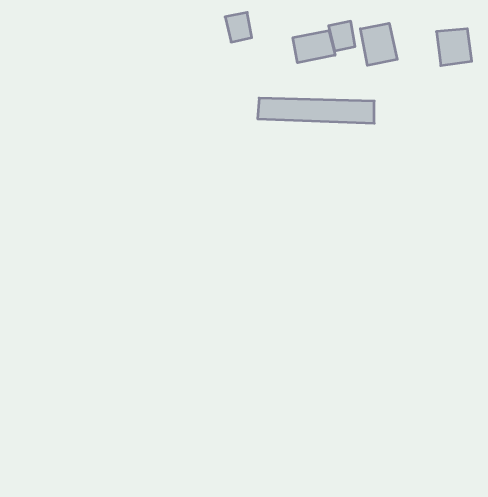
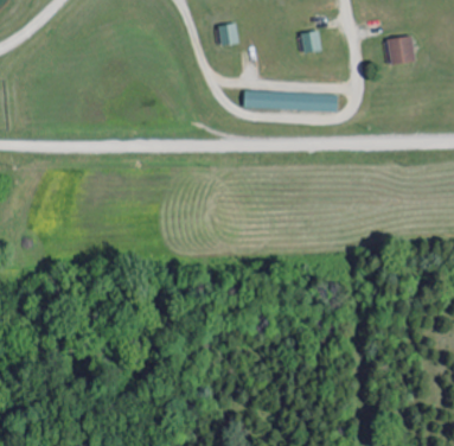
building: [360,23,397,65] -> none
building: [293,31,335,63] -> none

